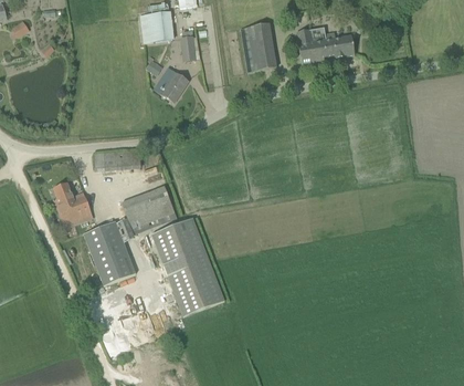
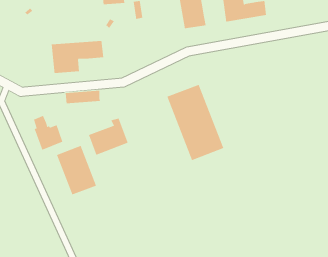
building: [154,69,188,102] -> none
building: none -> [51,40,104,74]
building: [150,217,224,315] -> [167,84,224,161]

